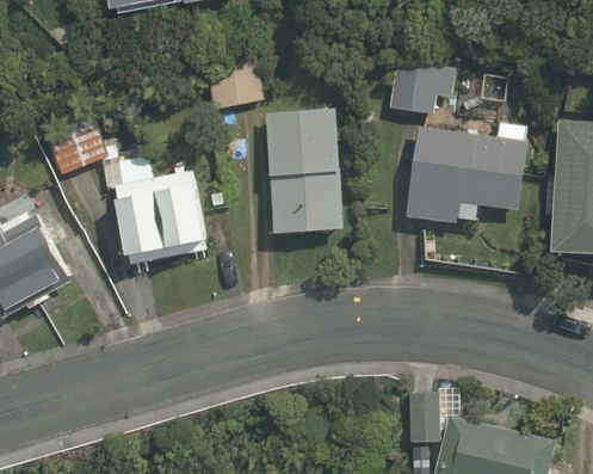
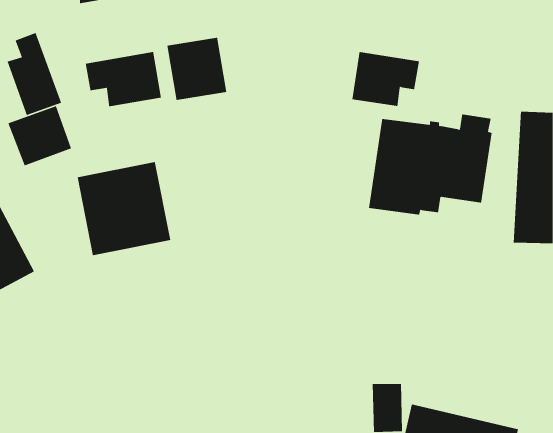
building: none -> [7,32,62,116]
building: none -> [85,51,161,107]
building: [264,107,342,233] -> none

